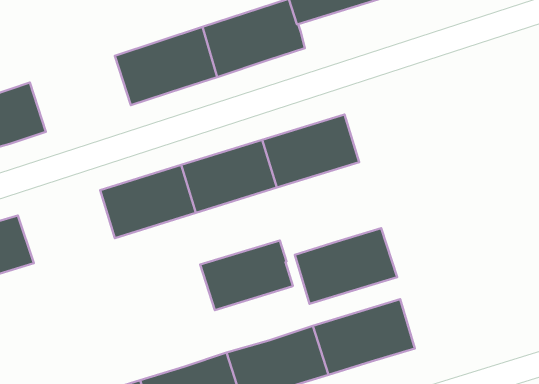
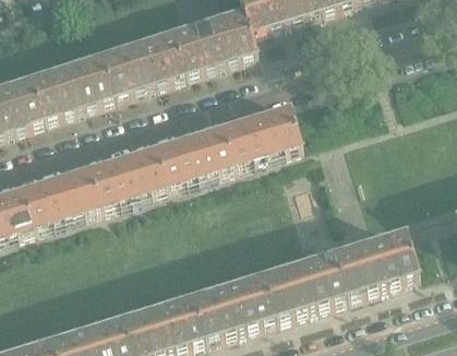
building: none -> [33,55,116,117]
building: none -> [23,165,103,225]
building: [295,228,397,304] -> [337,233,421,295]
building: [200,241,293,310] -> none

